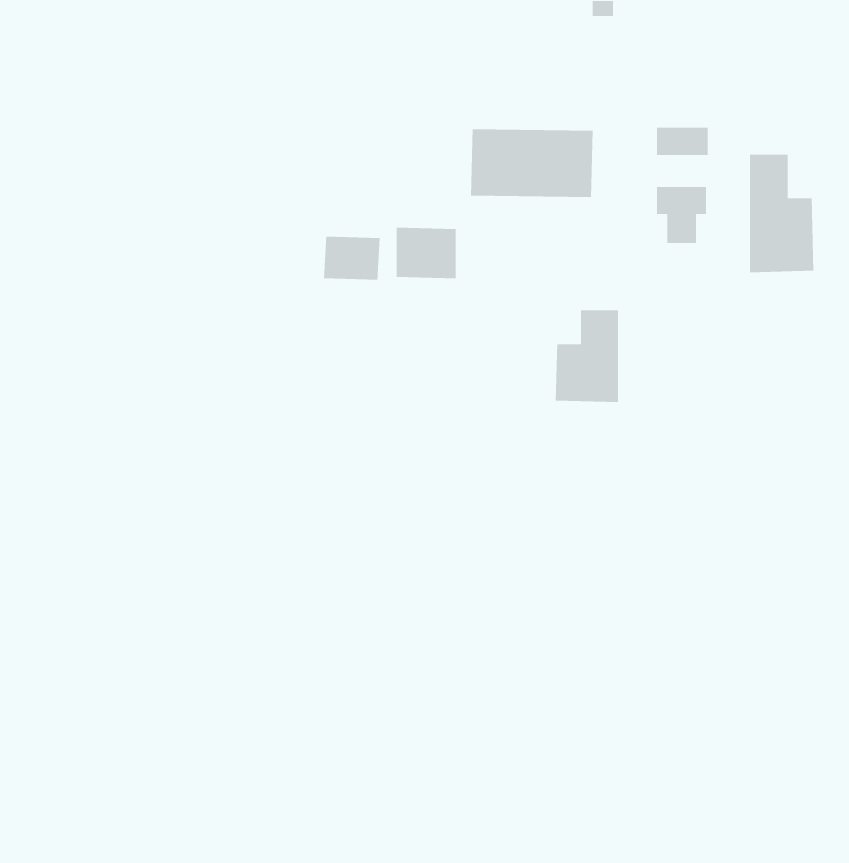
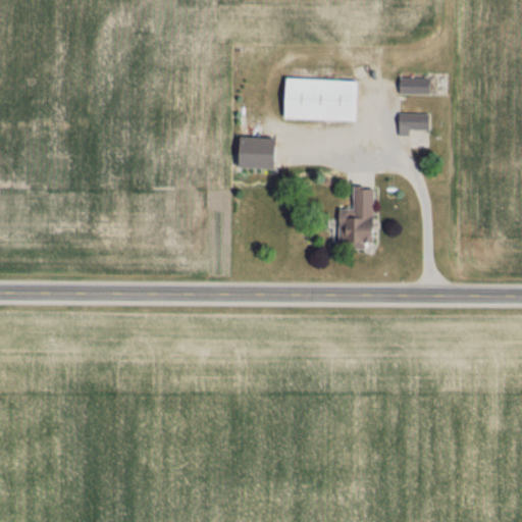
building: [749,154,814,273] -> none
building: [323,236,381,280] -> none

